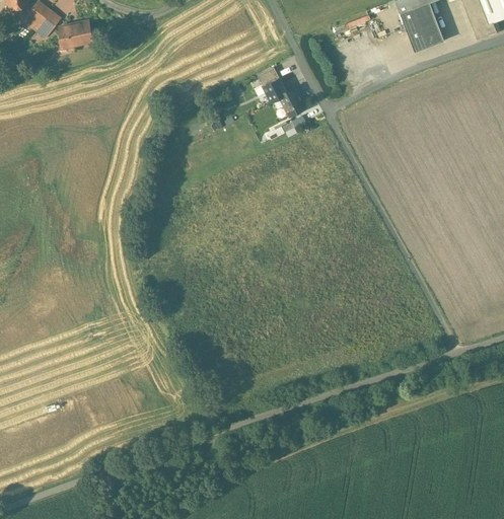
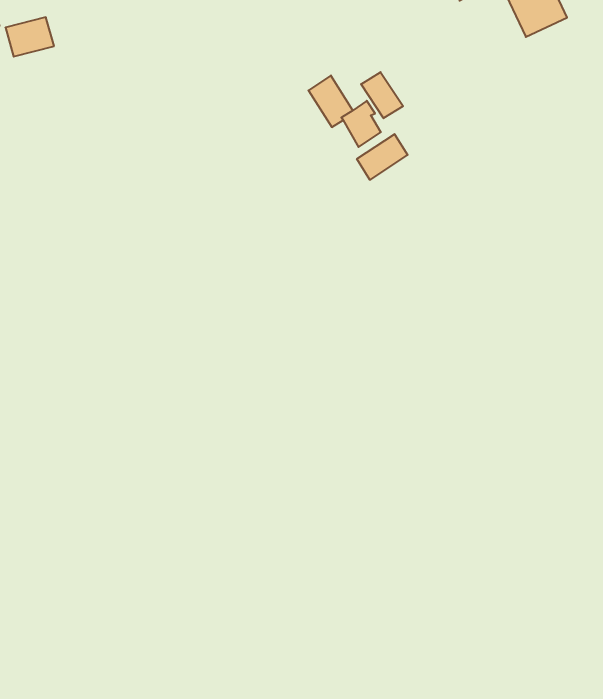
building: none -> [361,72,403,118]
building: none -> [357,134,408,180]

